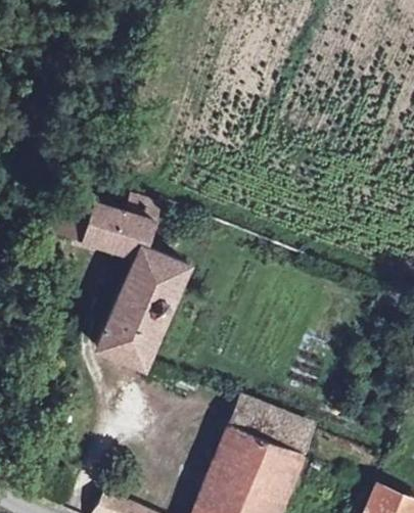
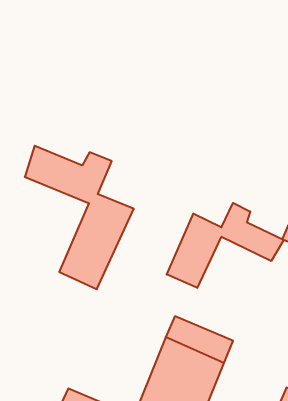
building: none -> [167,203,284,288]

